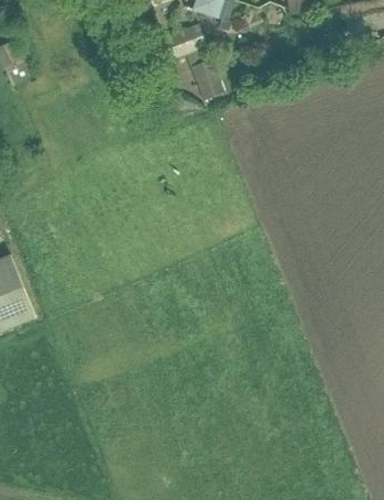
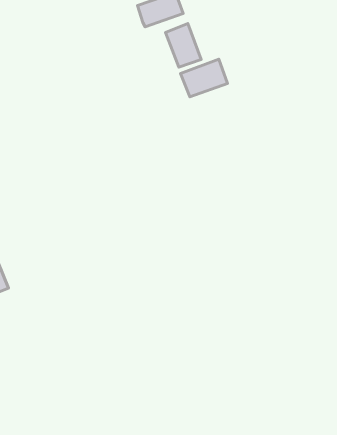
building: none -> [181,59,227,97]

